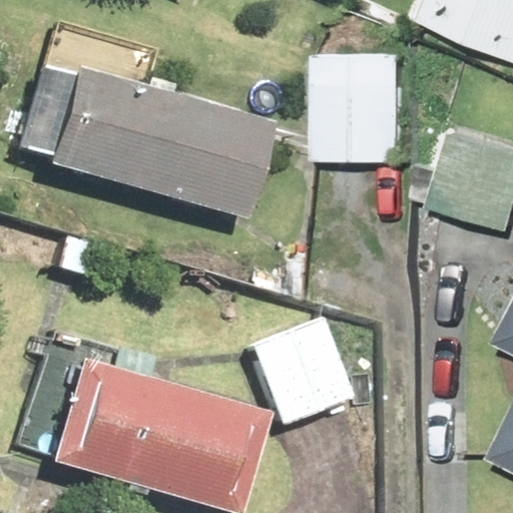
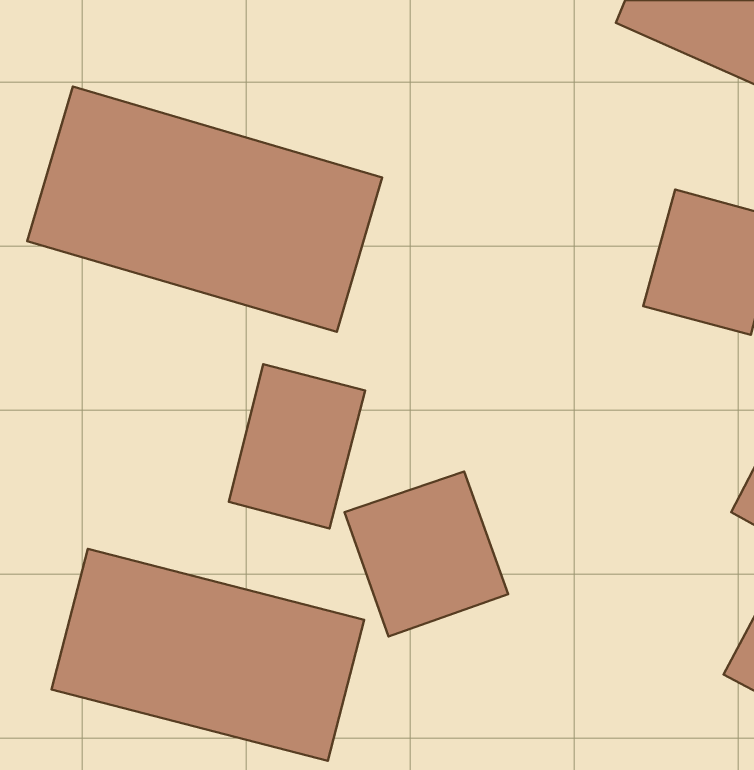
building: [318,46,407,234] -> none
building: none -> [229,364,365,528]

